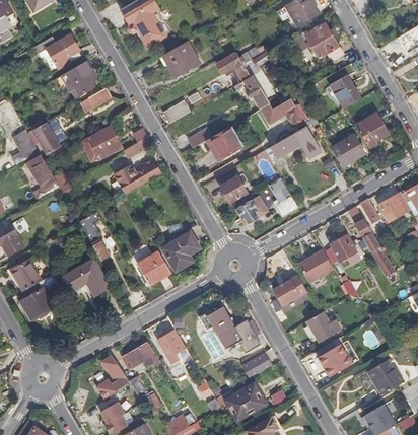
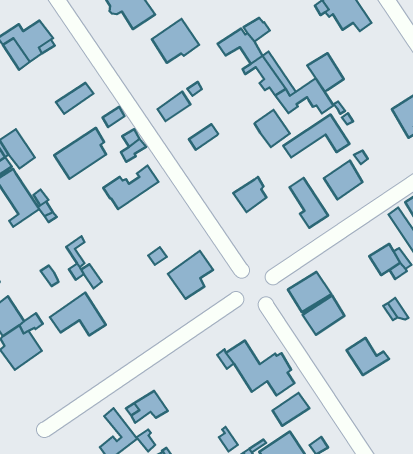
building: [62,61,95,96] -> none
building: [331,77,360,108] -> [307,53,344,92]
building: [211,127,239,157] -> [255,110,290,147]
building: [333,135,364,166] -> [324,161,362,200]
building: [236,198,264,224] -> none
building: [298,249,334,282] -> [288,272,331,312]
building: [138,250,171,285] -> none
building: [157,331,186,364] -> none
building: [318,344,352,376] -> none

